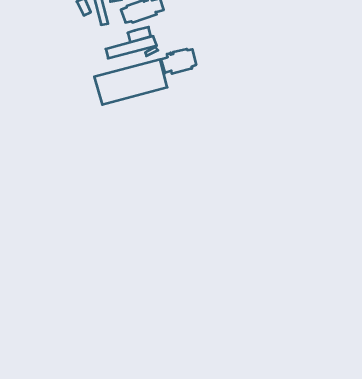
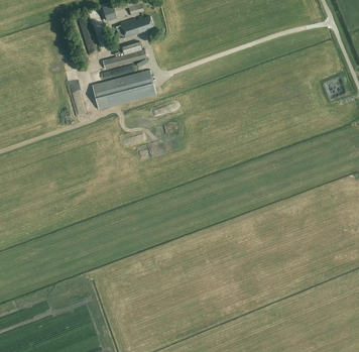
building: [161,49,196,74] -> none

